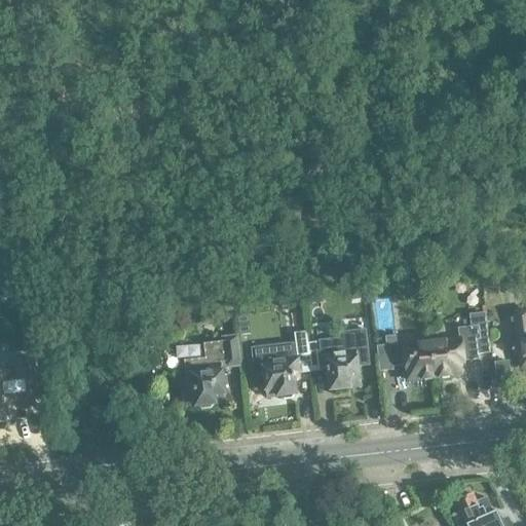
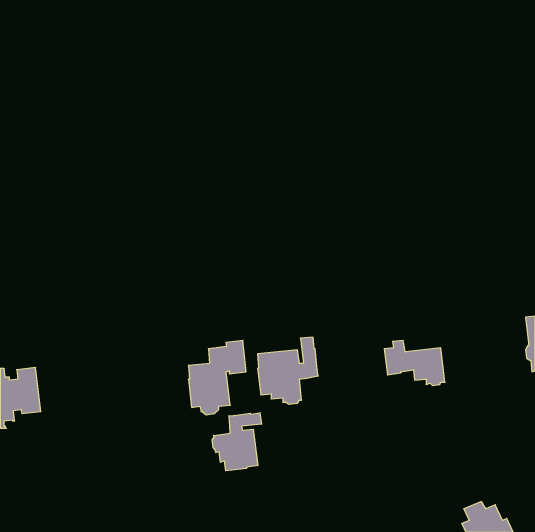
building: [433,311,490,376] -> none
building: [309,328,370,390] -> none
building: none -> [212,413,261,471]

